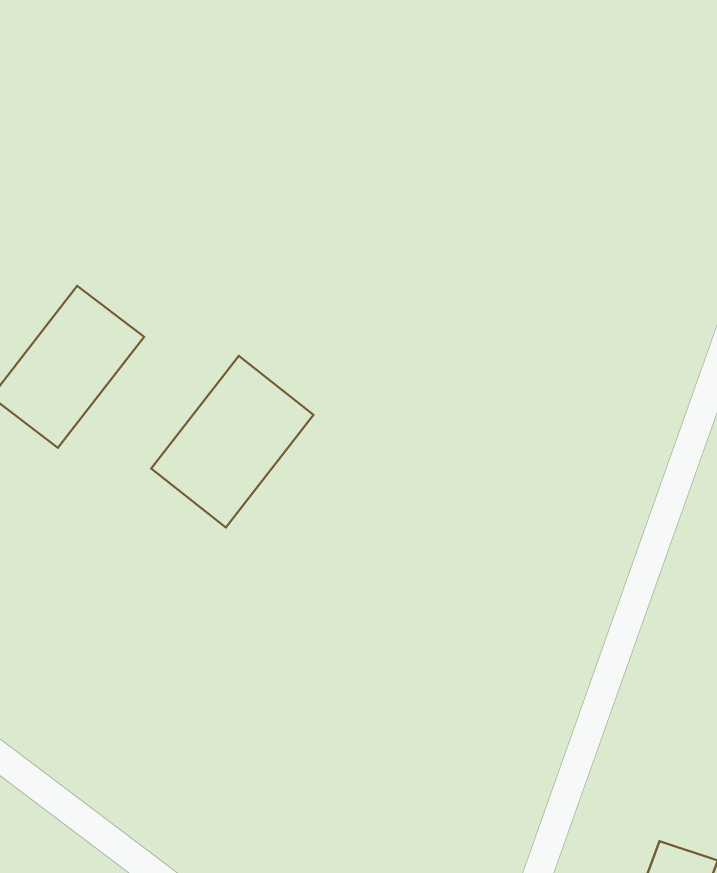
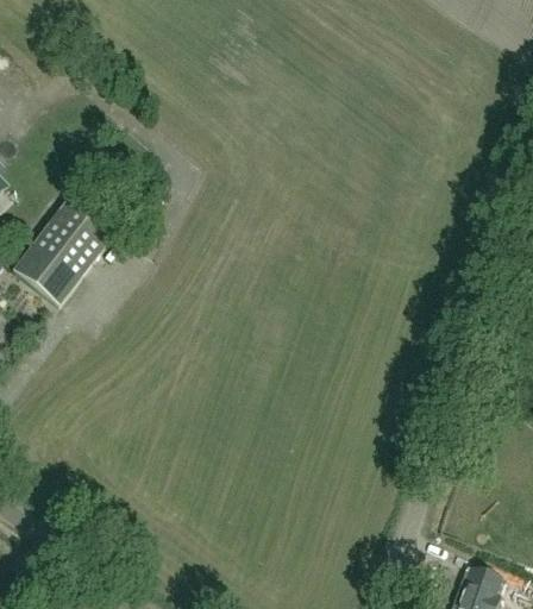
building: [151,356,313,528] -> none

